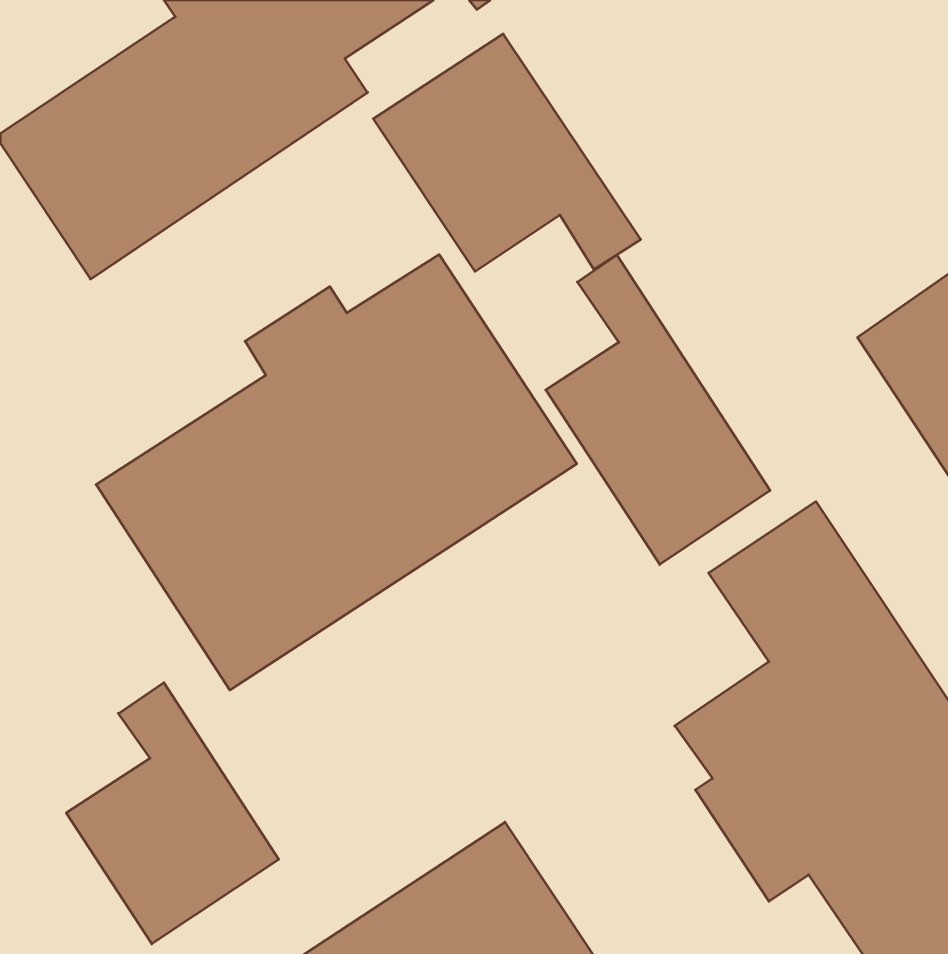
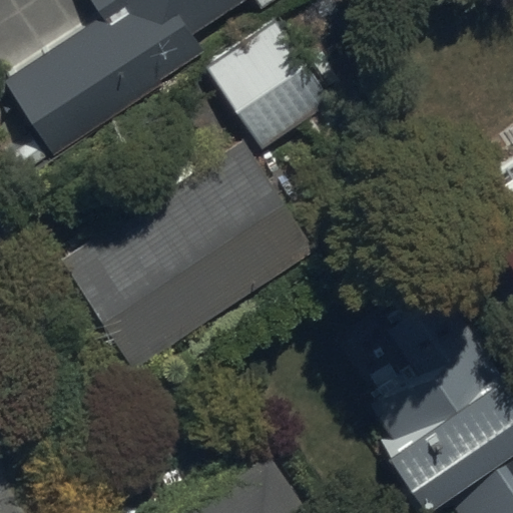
building: [546,255,770,565] -> none
building: [66,683,279,944] -> none

